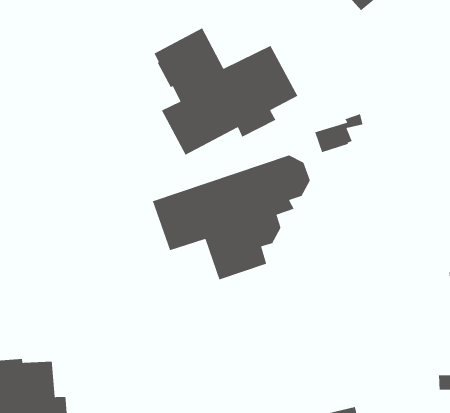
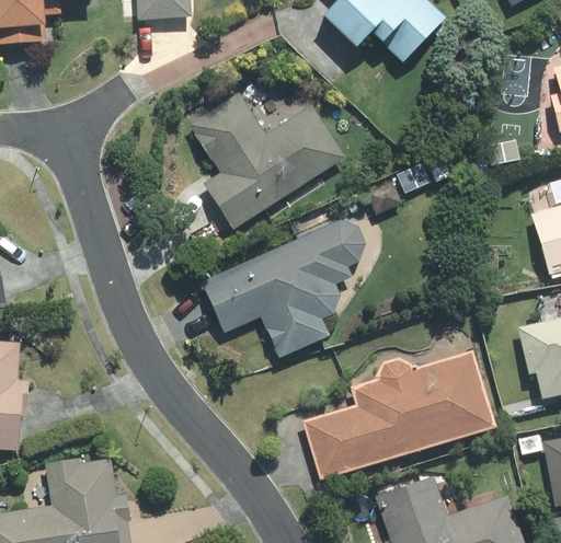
building: none -> [301,350,494,481]

